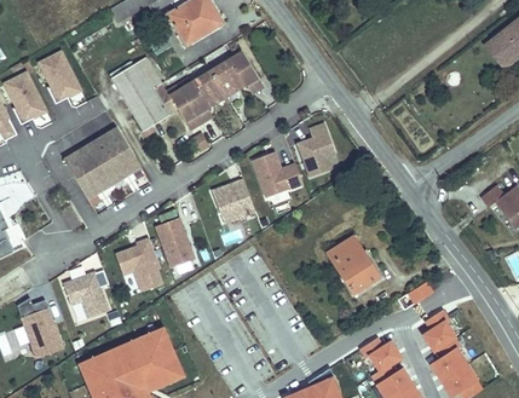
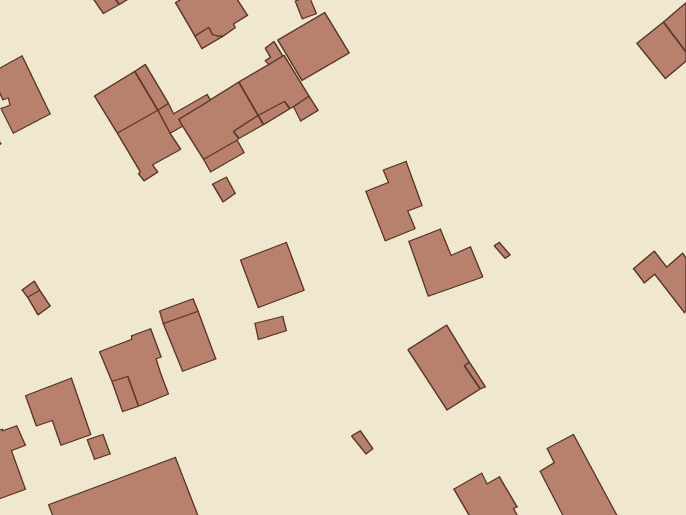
building: none -> [278,12,349,81]
building: [63,128,139,198] -> none
building: [252,151,302,197] -> [409,229,483,296]

